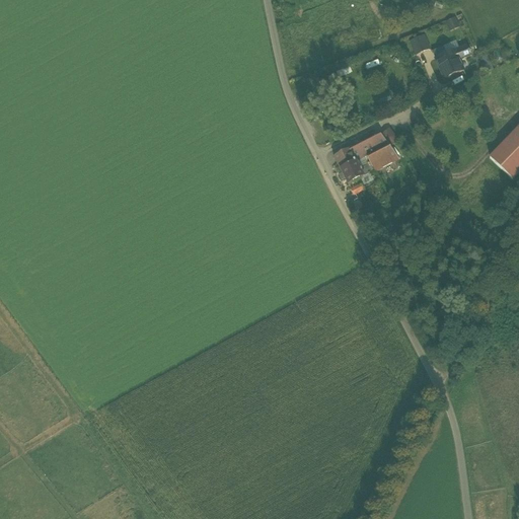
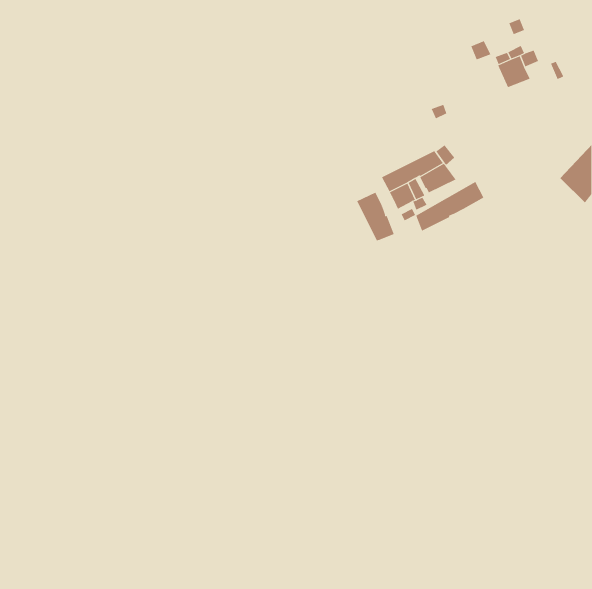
building: none -> [416,181,484,232]
building: none -> [356,192,395,241]

